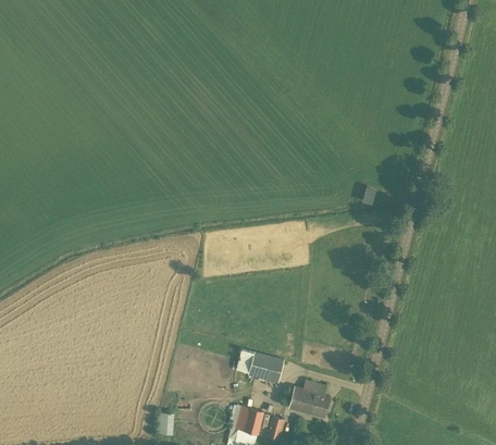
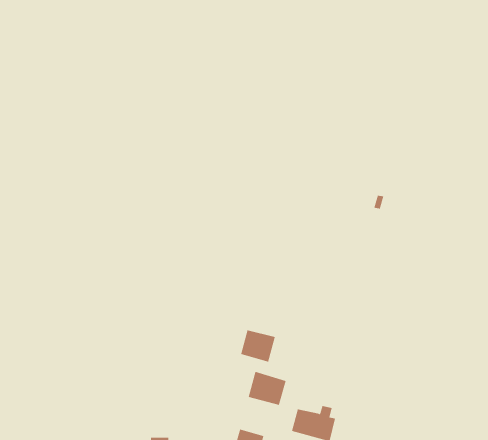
building: none -> [241,329,276,363]

